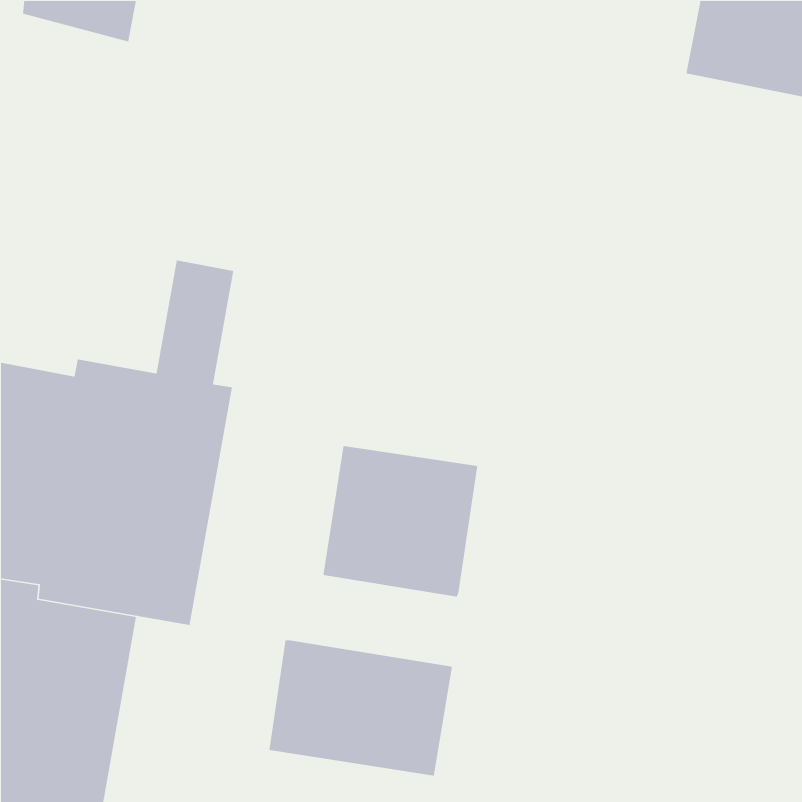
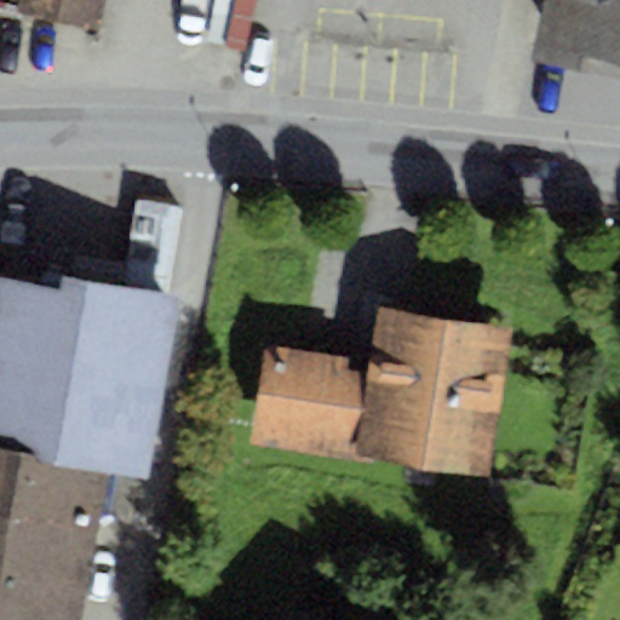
building: none -> [355,306,510,477]
building: [268,640,453,777] -> none

